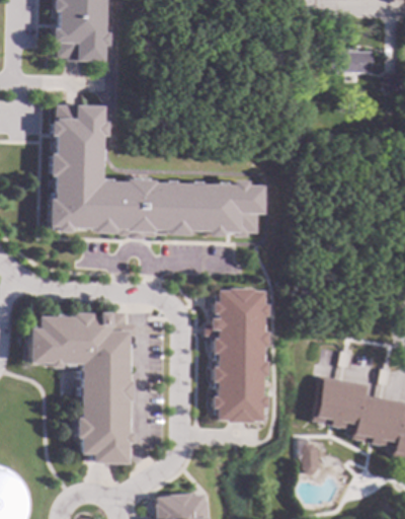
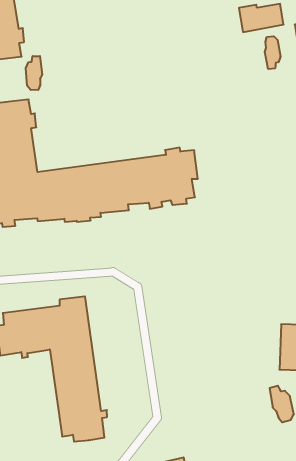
building: none -> [26,56,42,90]
building: none -> [265,36,280,69]
building: [212,287,268,422] -> none

